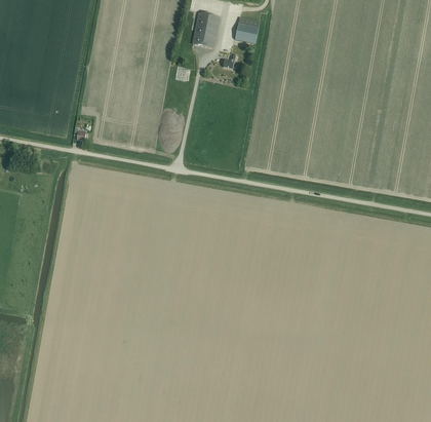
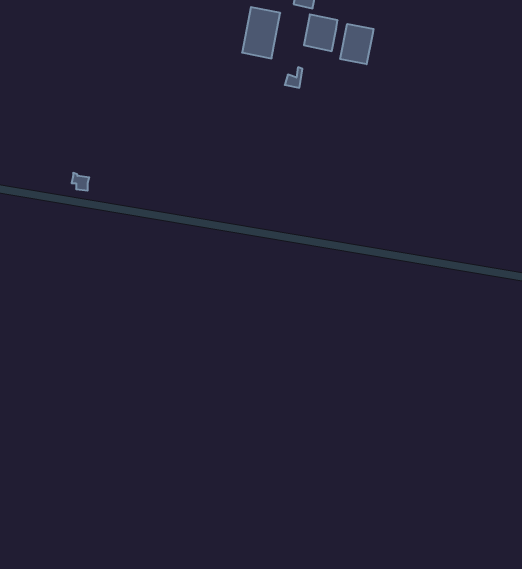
building: none -> [340,24,374,64]

